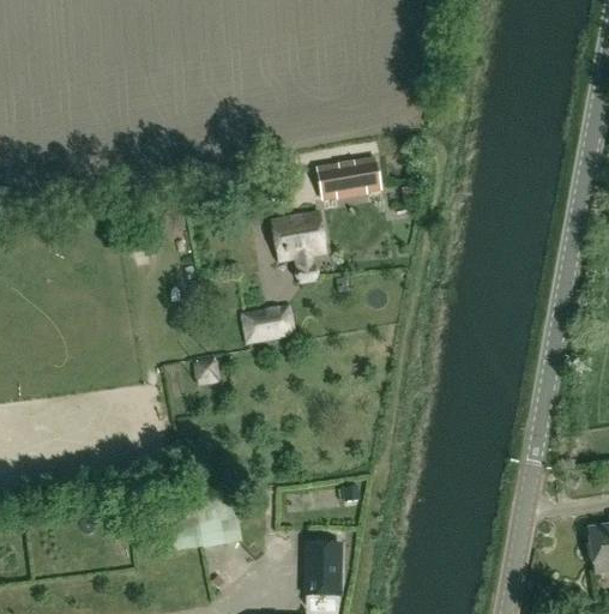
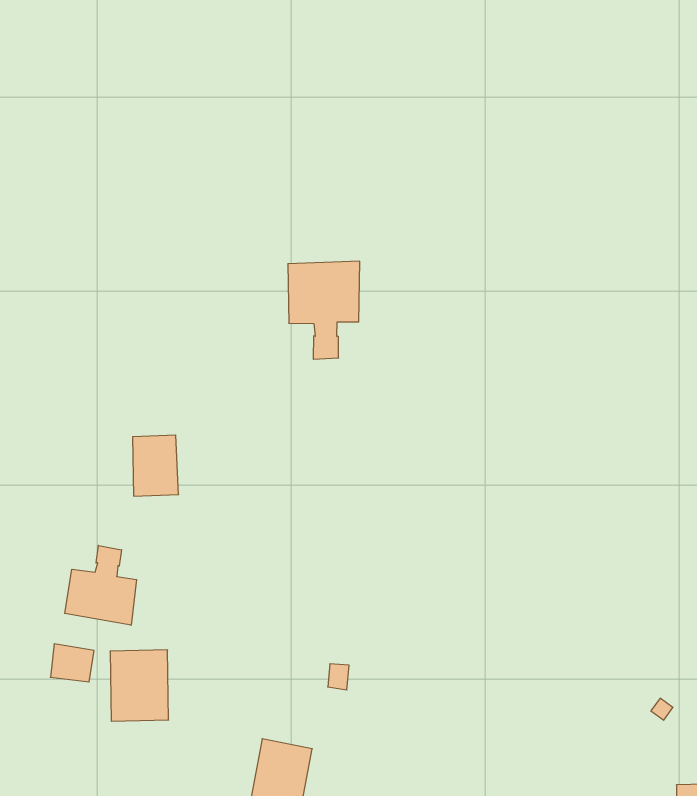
building: [316,157,381,199] -> none
building: [241,306,295,344] -> none
building: none -> [65,545,137,625]

